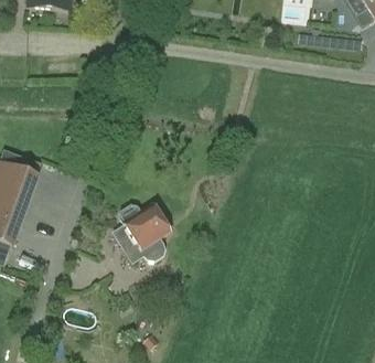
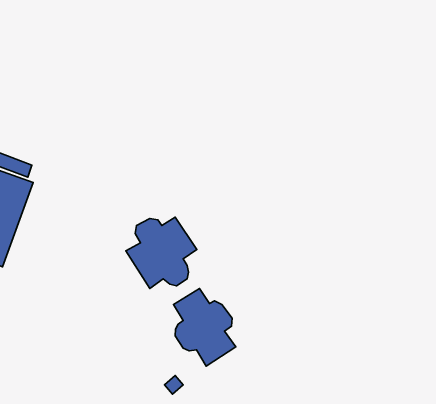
building: none -> [173,288,236,366]

